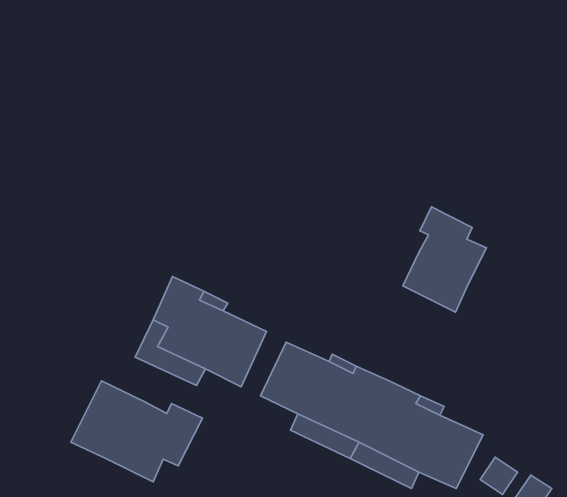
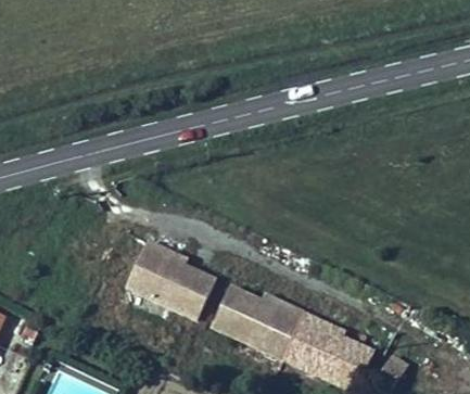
building: [403,207,486,312] -> none
building: [71,381,202,482] -> none

